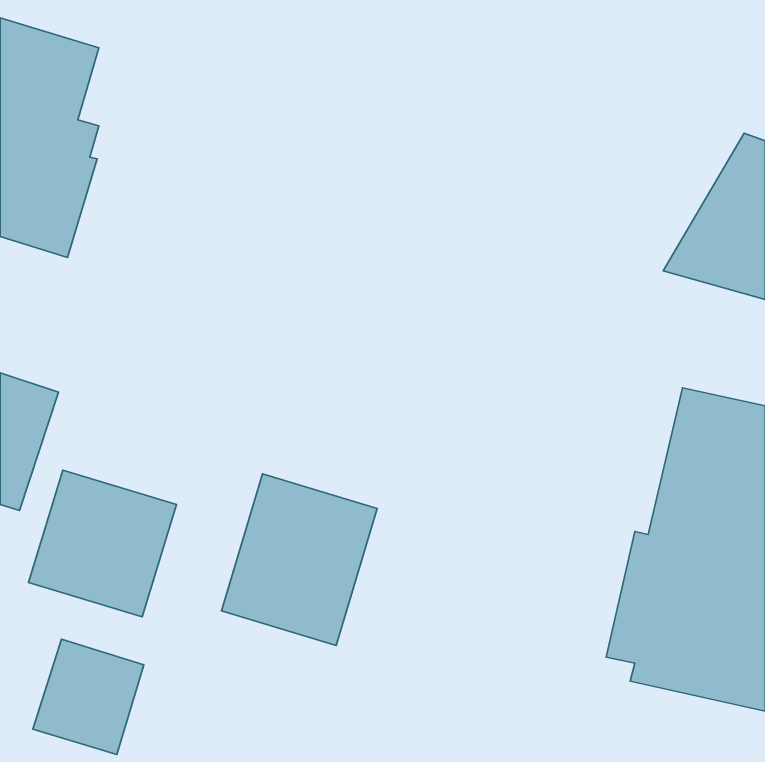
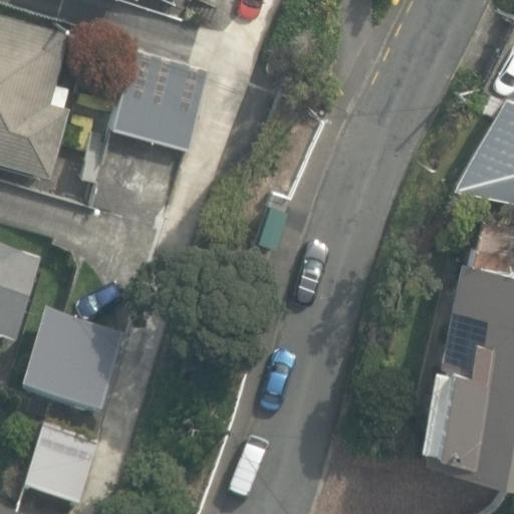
building: none -> [108,48,210,150]
building: [221,474,377,646] -> none

